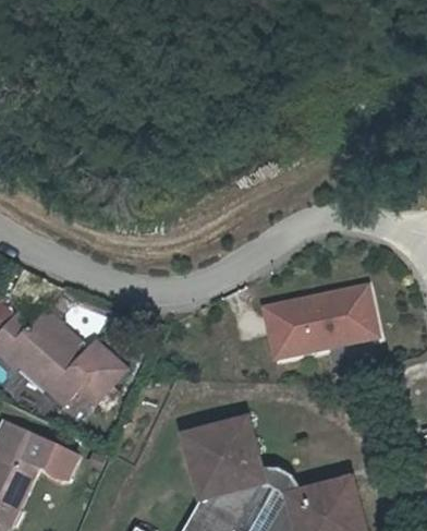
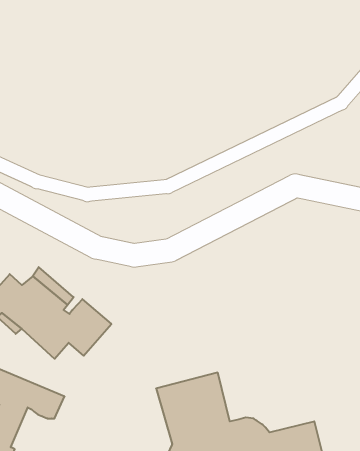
building: [278,292,369,350] -> none

